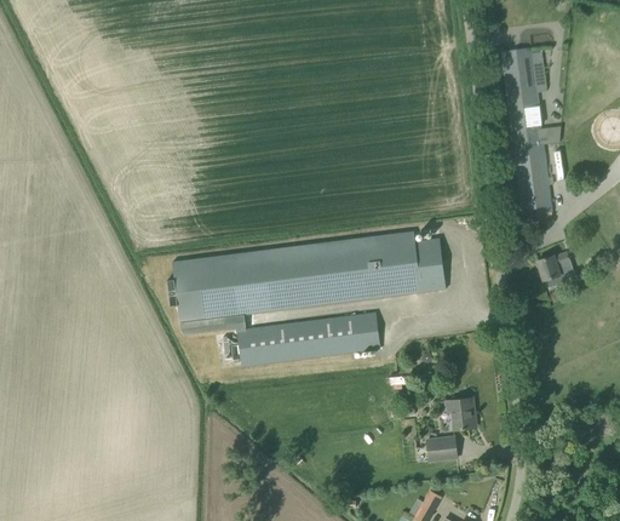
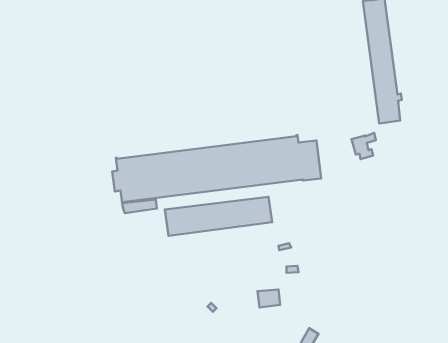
building: [536,251,569,286] -> [351,133,376,159]
building: [446,396,475,429] -> none
building: [426,436,457,460] -> [258,289,280,308]

